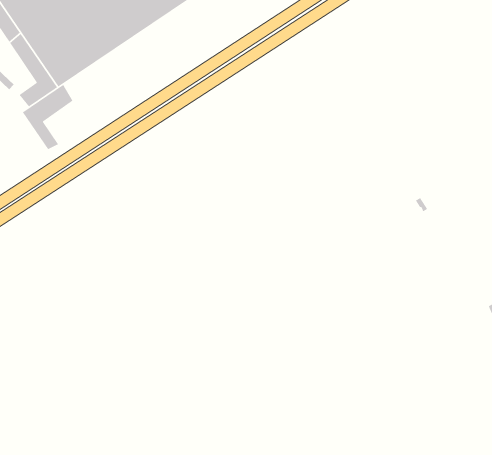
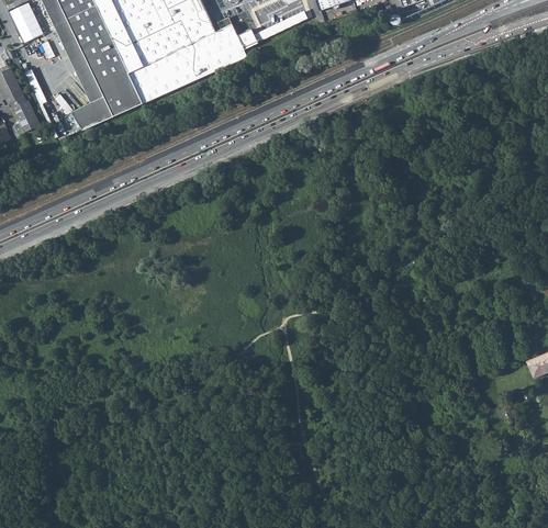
building: [22,84,74,150] -> none

